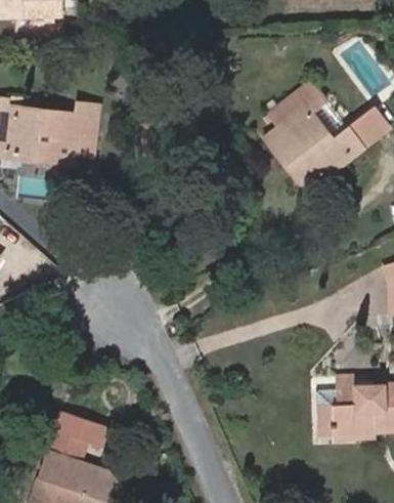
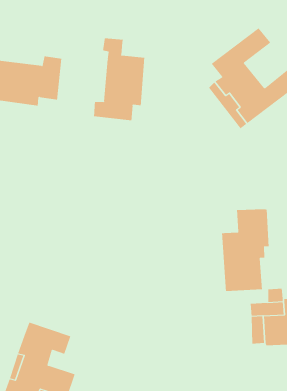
building: none -> [93,38,145,121]
building: none -> [222,209,269,292]

